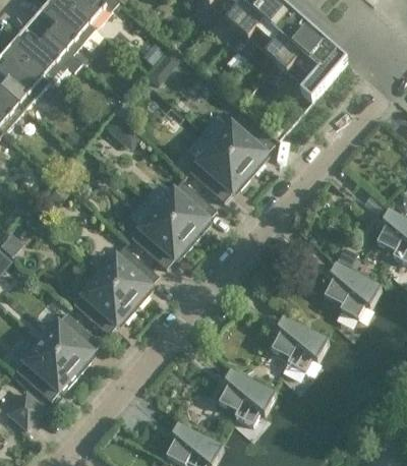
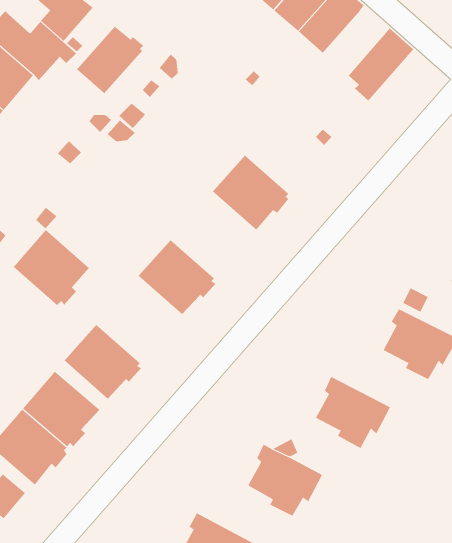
building: [275,24,327,79] -> none
building: none -> [76,26,144,94]
building: [214,112,274,172] -> none
building: [156,178,216,238] -> none
building: [98,244,158,304] -> [13,229,90,306]

